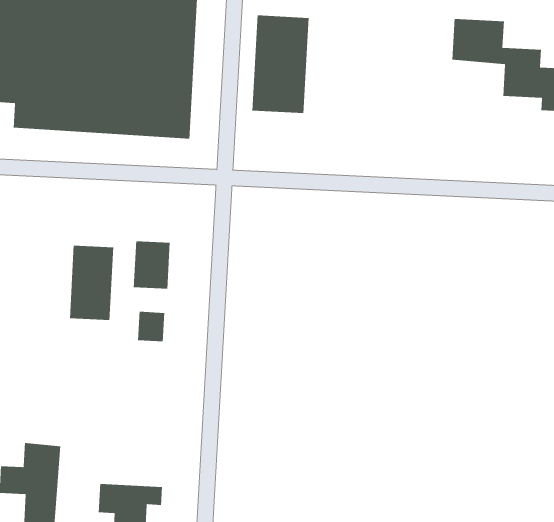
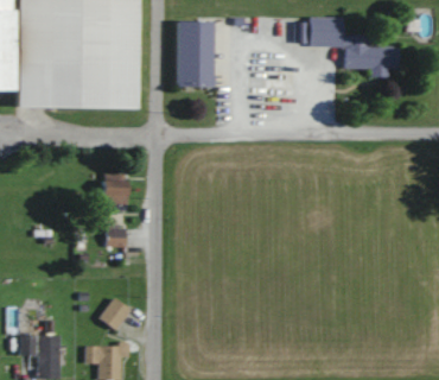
building: [69,245,114,321] -> none
building: none -> [101,297,132,329]

